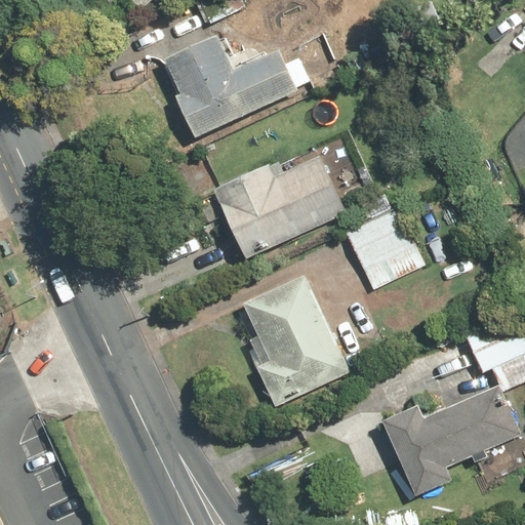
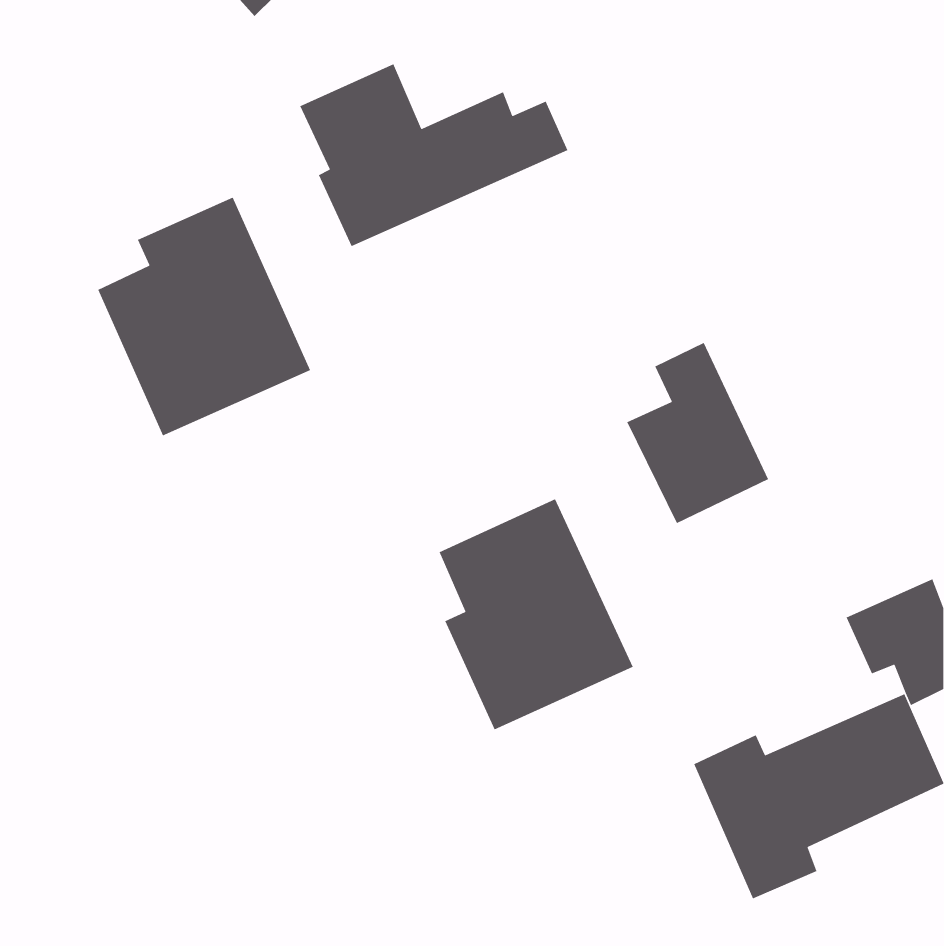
building: none -> [97,196,311,436]
building: [214,157,344,260] -> none

